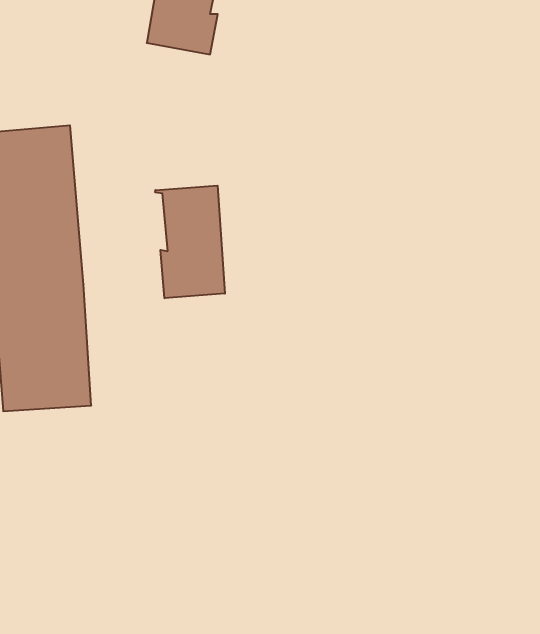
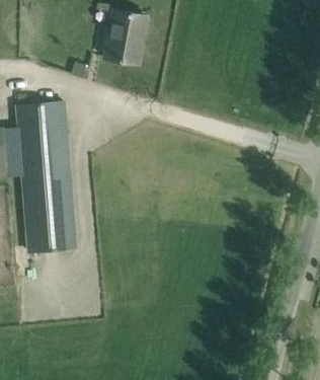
building: [155,186,225,298] -> none

